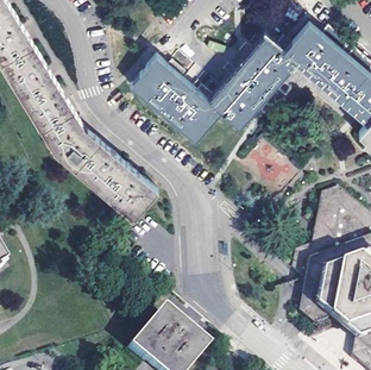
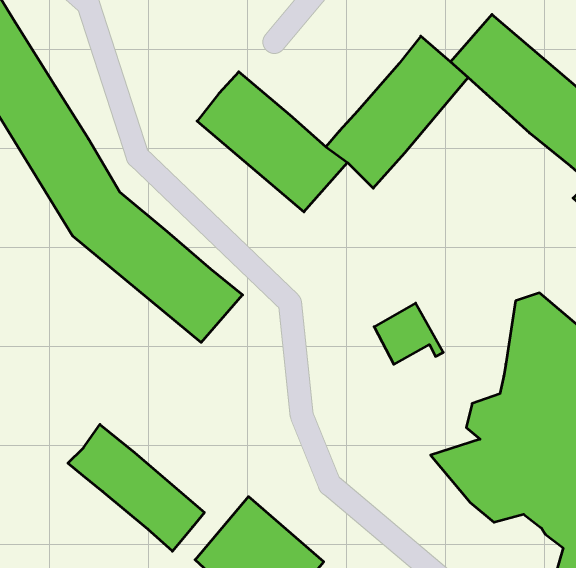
building: [253,142,295,178] -> [374,303,443,364]
building: none -> [68,424,204,551]

